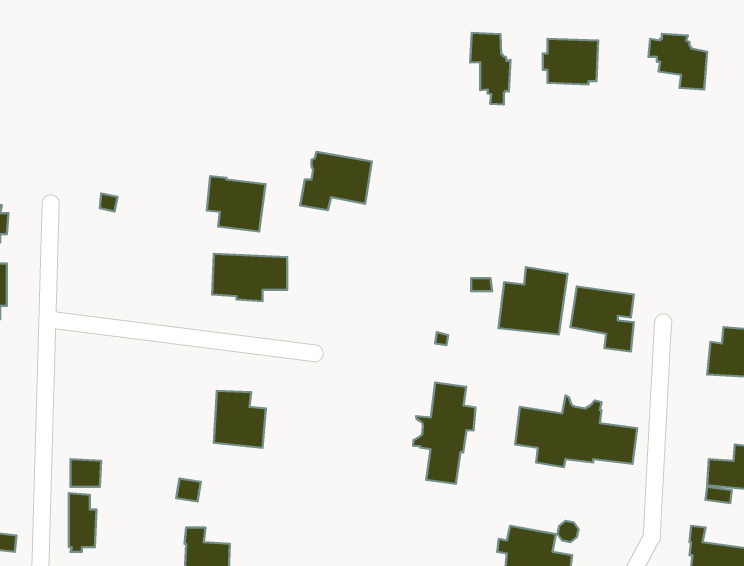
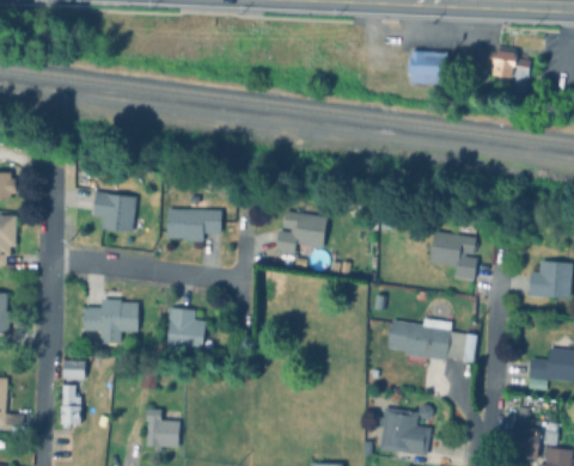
building: [470,33,511,104] -> none
building: [300,152,372,210] -> [275,210,328,253]
building: [207,176,266,232] -> [93,191,136,232]
building: [499,267,567,335] -> none
building: none -> [84,300,139,343]
building: [413,382,476,484] -> none

